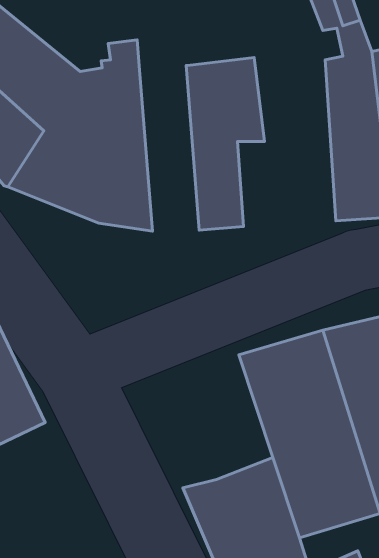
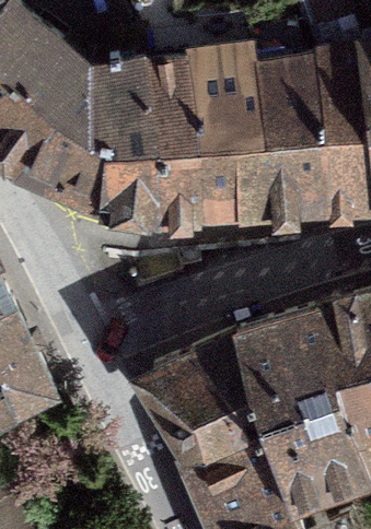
building: none -> [237,58,329,216]
building: none -> [146,66,201,221]
building: none -> [148,337,270,461]

